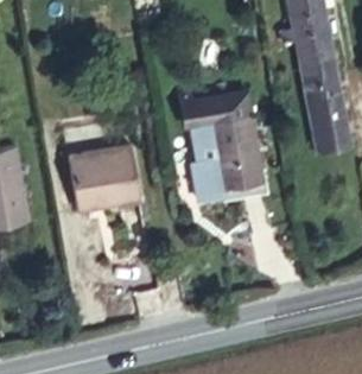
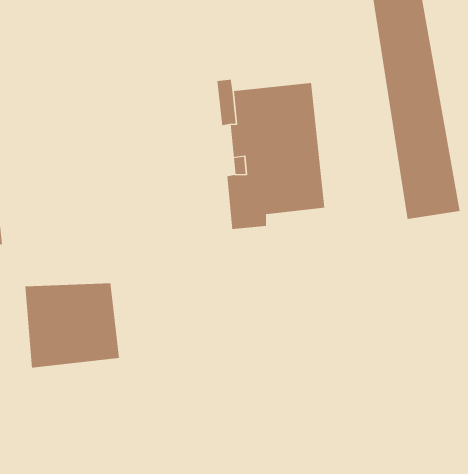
building: [71,135,139,196] -> [24,283,120,368]

